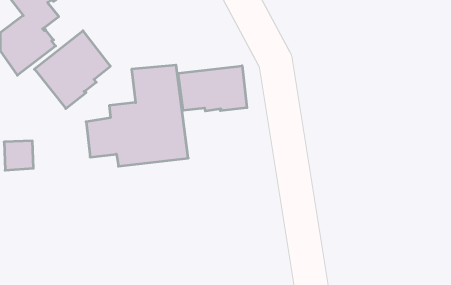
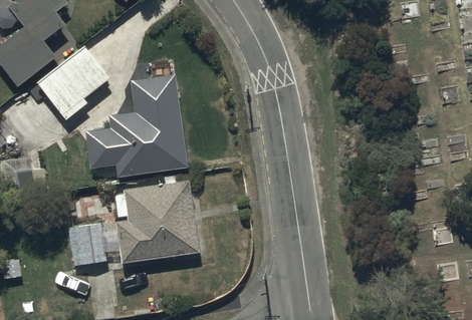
building: [178,66,247,111] -> none
building: none -> [68,175,198,264]

